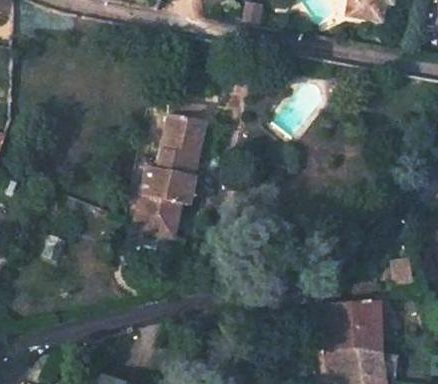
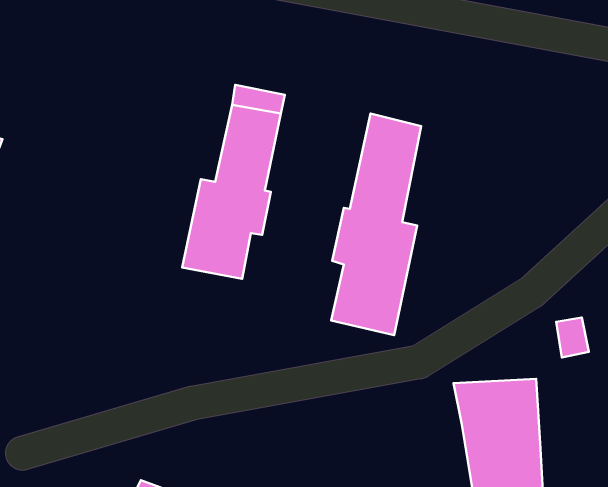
building: none -> [331,114,421,335]

